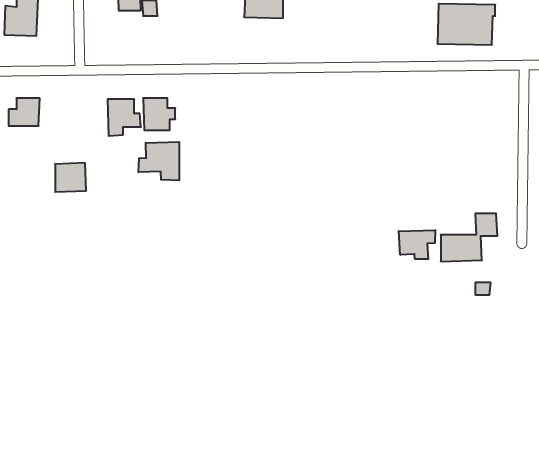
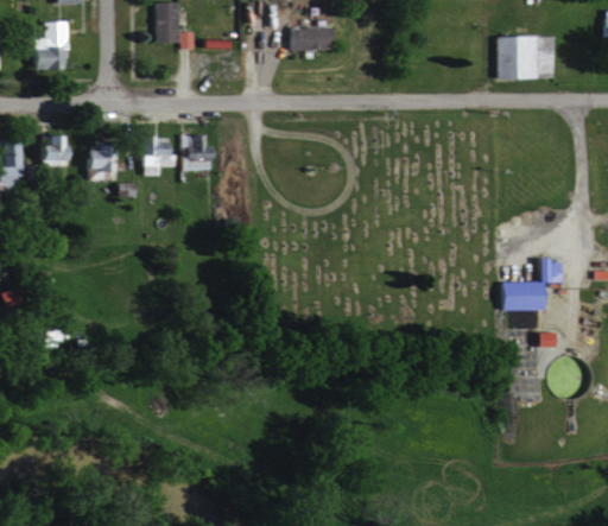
building: [138,142,179,180] -> none
building: [55,163,86,192] -> [86,150,119,180]
building: [399,230,435,259] -> none

